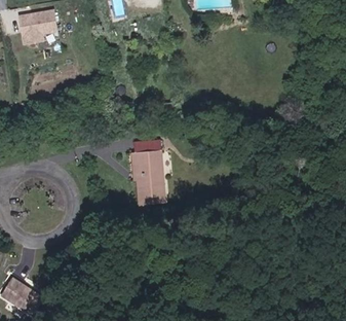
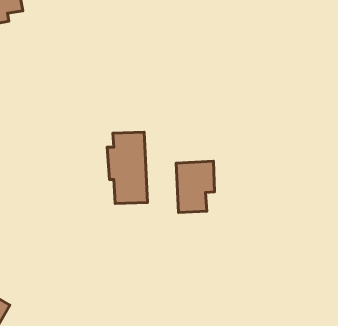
building: none -> [176,161,215,212]

